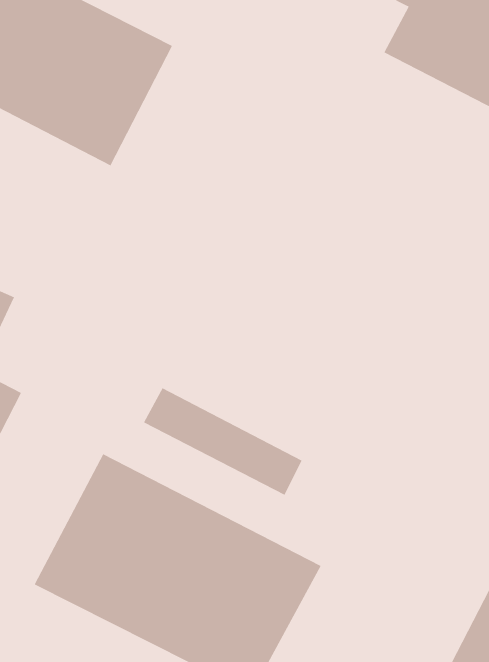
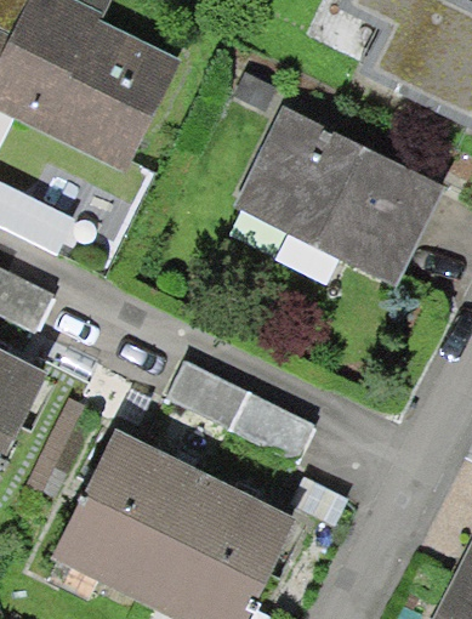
building: none -> [233,106,438,276]

